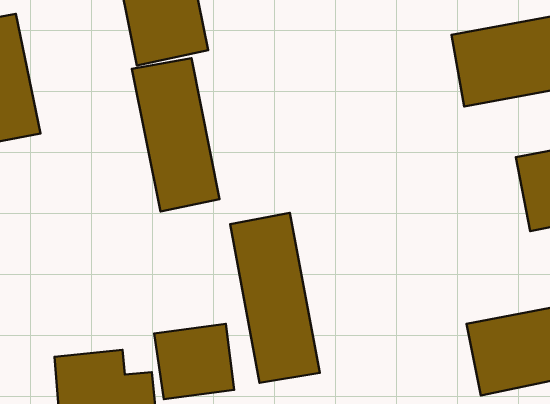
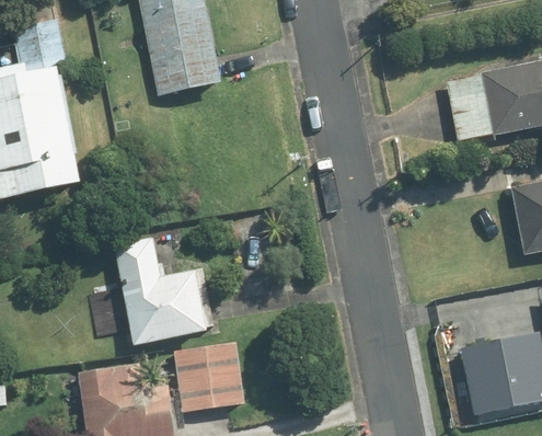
building: [132,58,219,211] -> none
building: none -> [90,236,207,348]
building: [230,213,320,383] -> none

